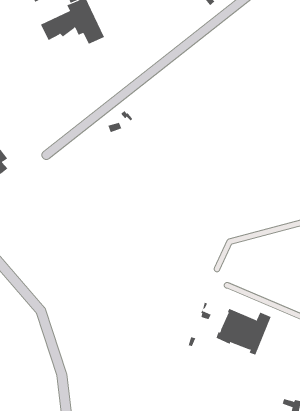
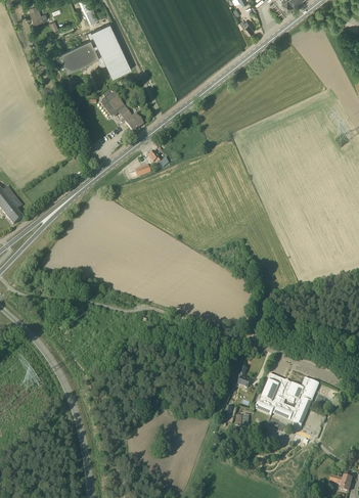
building: none -> [101,91,143,132]

